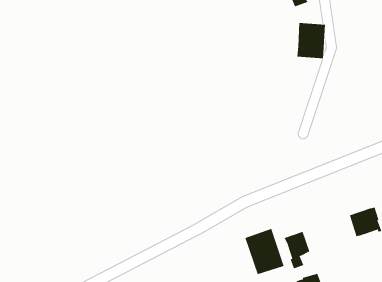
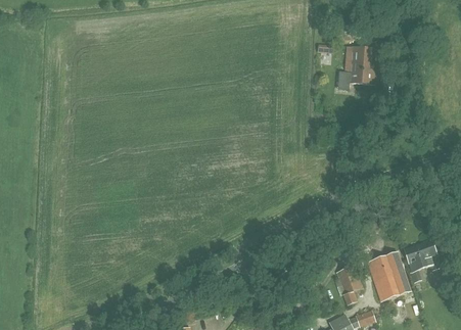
building: [245,228,284,275] -> [367,251,409,300]

